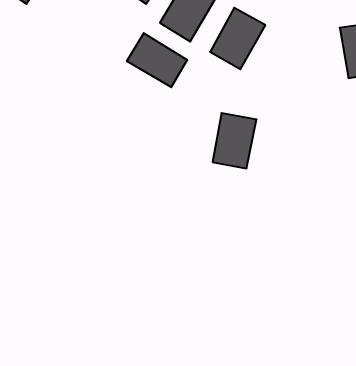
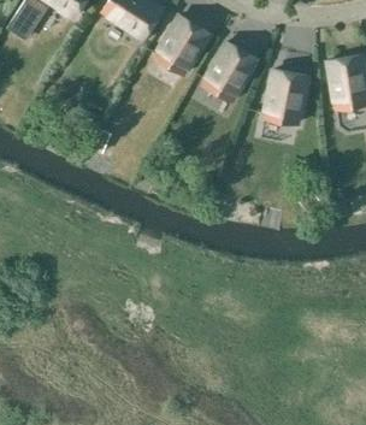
building: [127,33,187,87] -> none
building: [213,113,257,168] -> [265,71,307,124]

